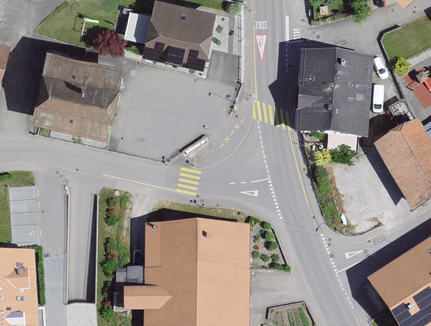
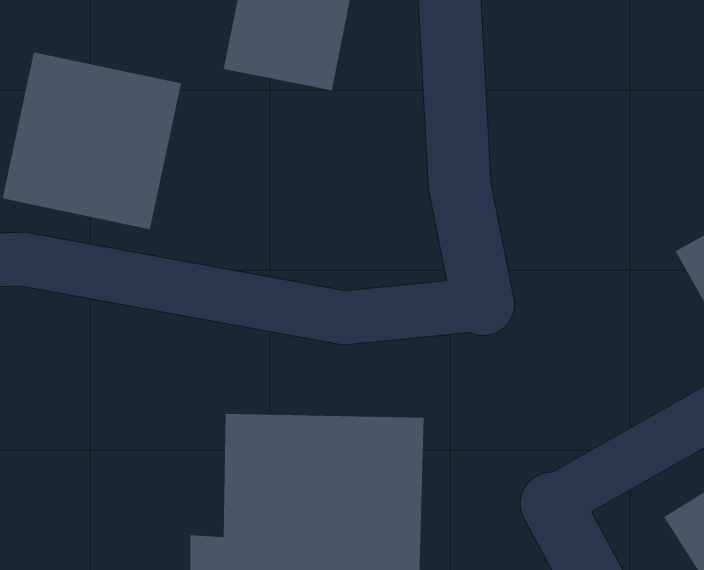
building: [297,50,372,136] -> none

